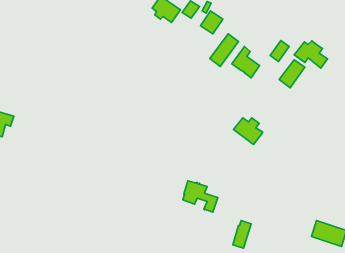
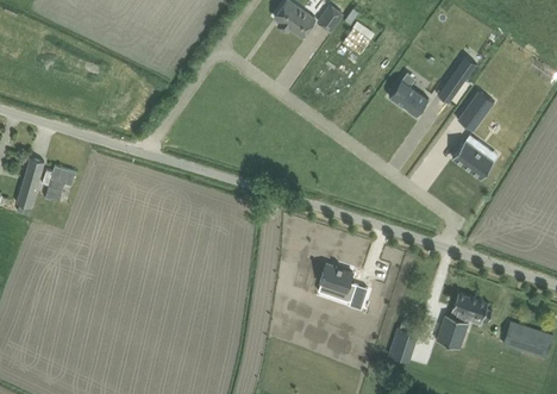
building: [210,34,239,66] -> none
building: [294,41,327,68] -> none
building: [234,118,263,144] -> [452,140,494,179]
building: none -> [437,293,493,349]

